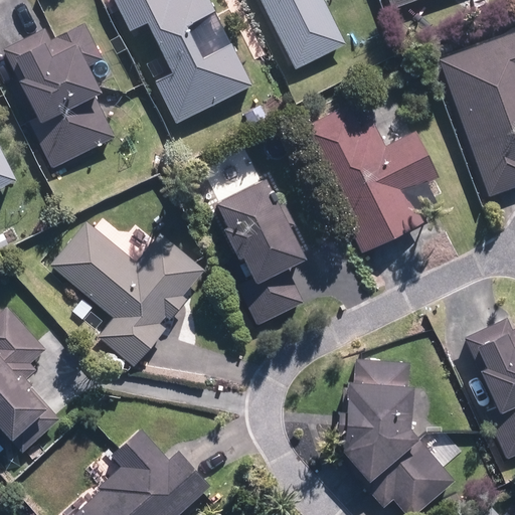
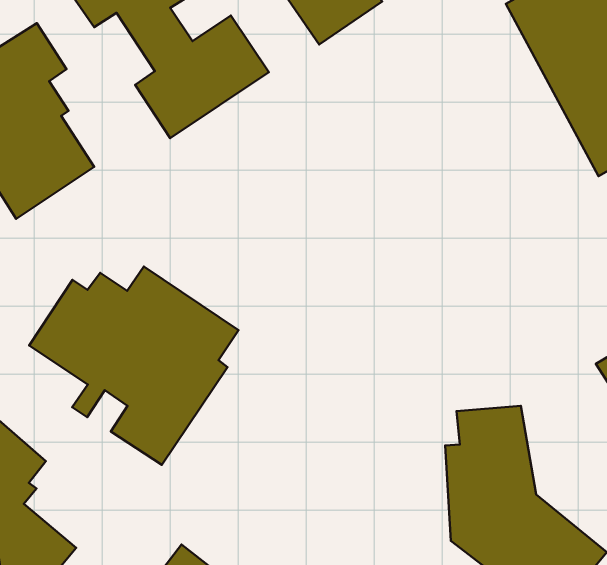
building: [296,97,438,253] -> none
building: [215,179,309,325] -> none

